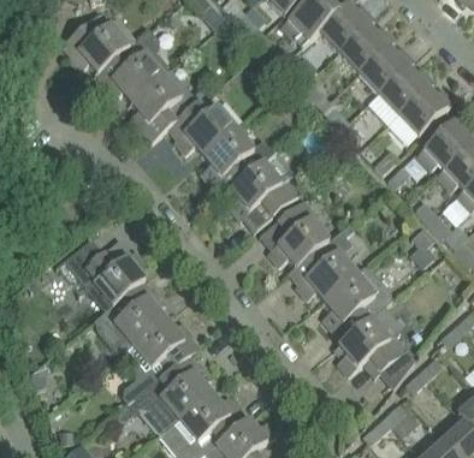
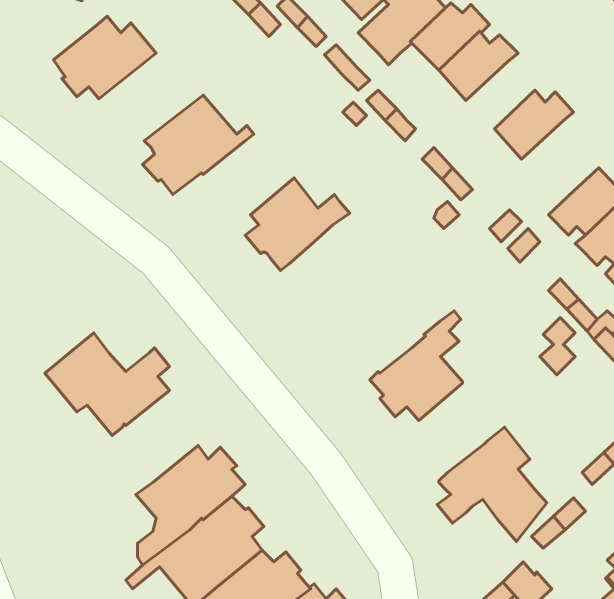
building: [94,30,170,102] -> none
building: [357,46,414,94] -> none
building: [397,88,454,136] -> none
building: [170,102,235,155] -> none
building: [229,153,297,231] -> none
building: [268,201,328,268] -> none
building: [322,267,392,339] -> none
building: [94,281,166,355] -> none

